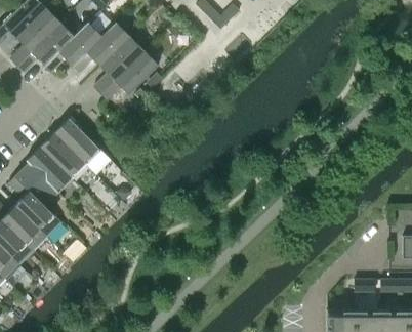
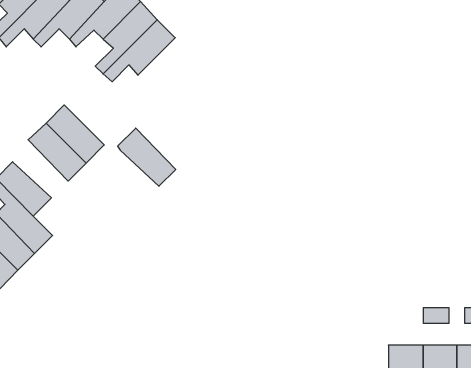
building: [27,146,73,192] -> [118,128,176,186]

